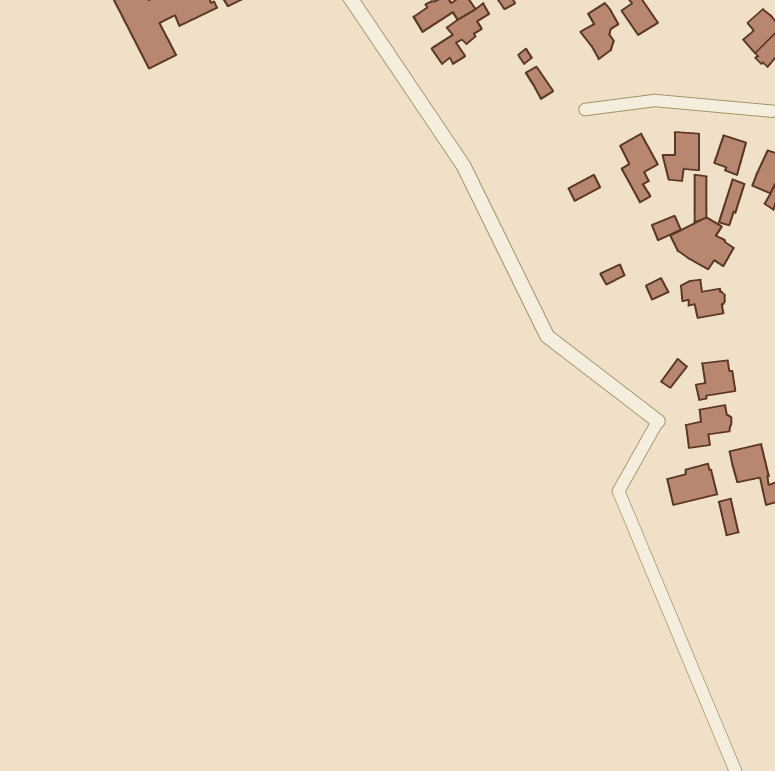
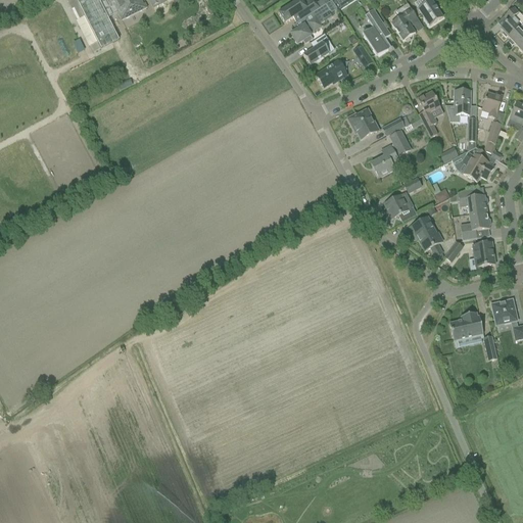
building: none -> [363,7,391,54]
building: none -> [303,33,331,63]
building: none -> [317,58,347,86]
building: none -> [348,108,379,139]
building: none -> [372,130,411,177]
building: none -> [385,192,418,222]
building: none -> [410,217,441,249]
building: [686,405,731,448] -> [461,210,491,239]

